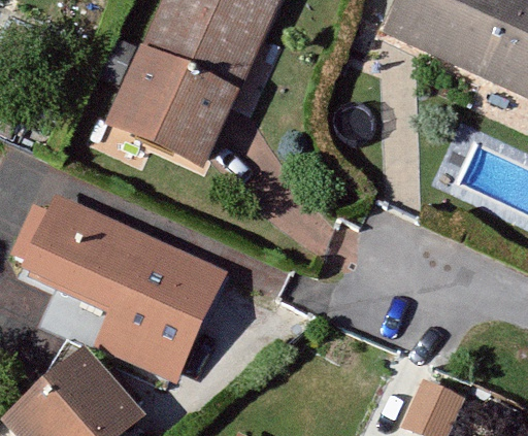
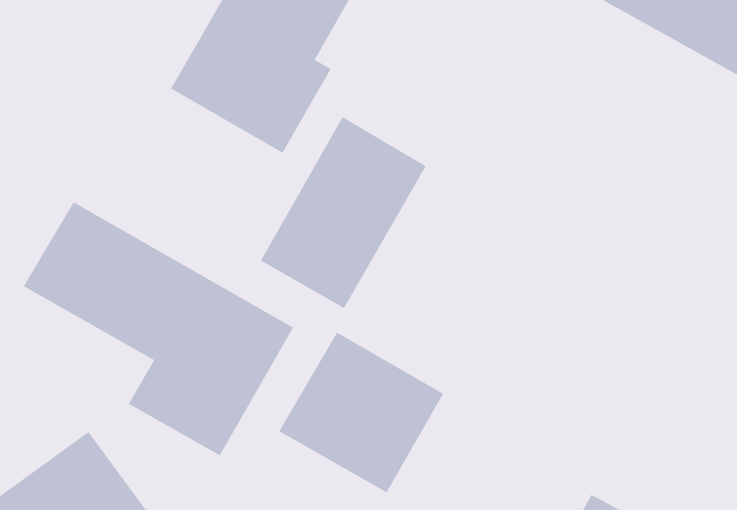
building: none -> [260,116,427,309]
building: none -> [278,332,444,493]

